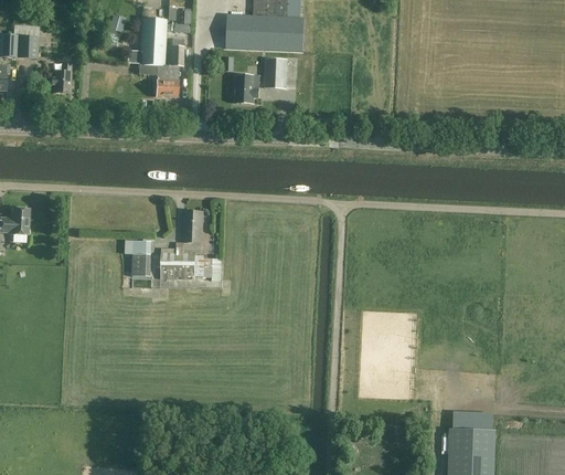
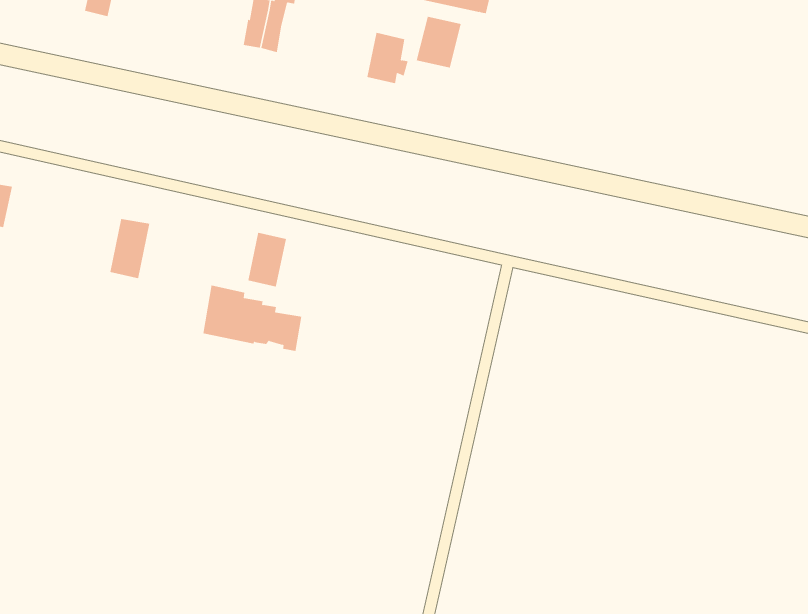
building: [131,241,151,276] -> [109,218,150,279]

